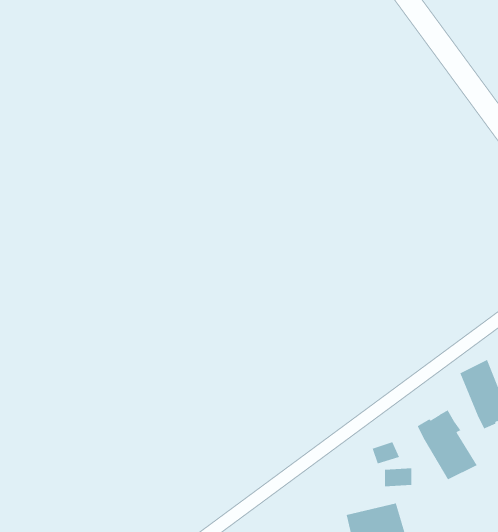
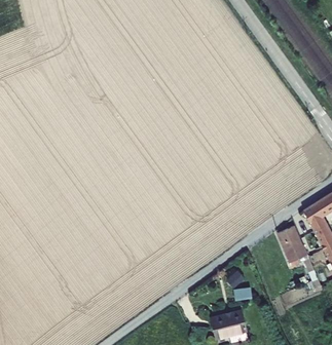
building: [417,409,477,480] -> none

